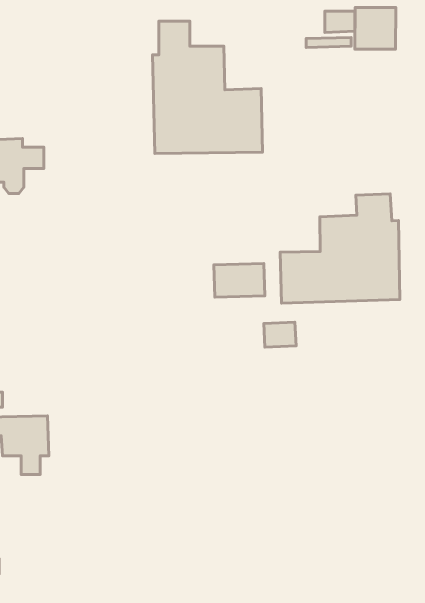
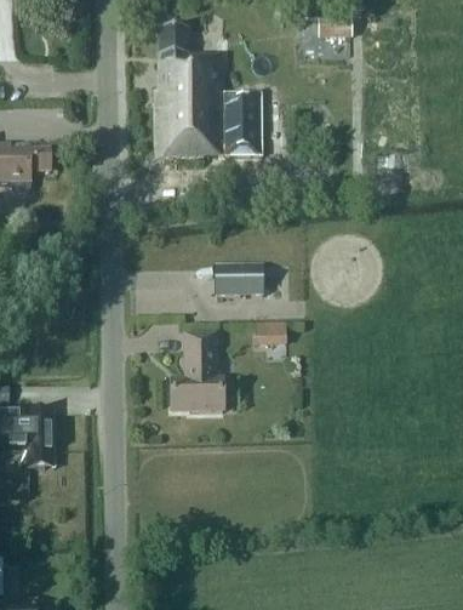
building: [355,8,396,49] -> none
building: [280,194,400,303] -> none
building: none -> [171,336,223,412]

